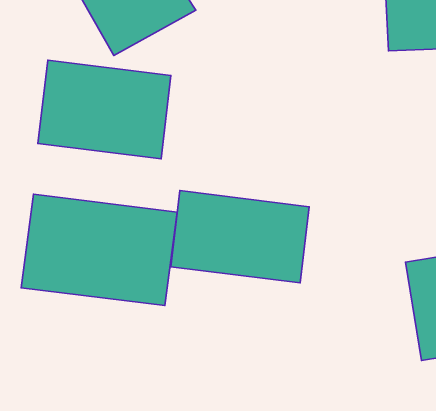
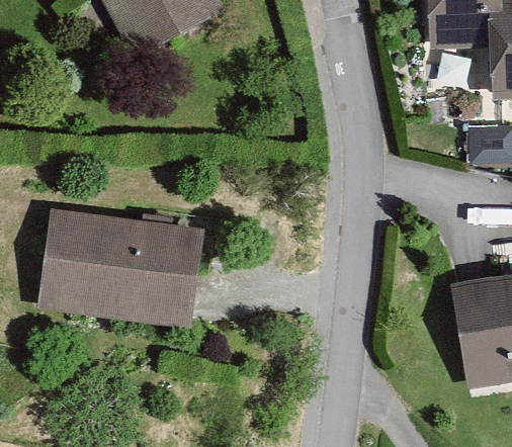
building: [38,60,171,159] -> none
building: [171,191,309,283] -> none

